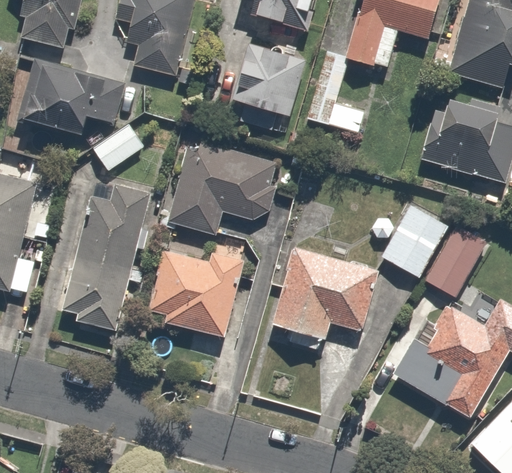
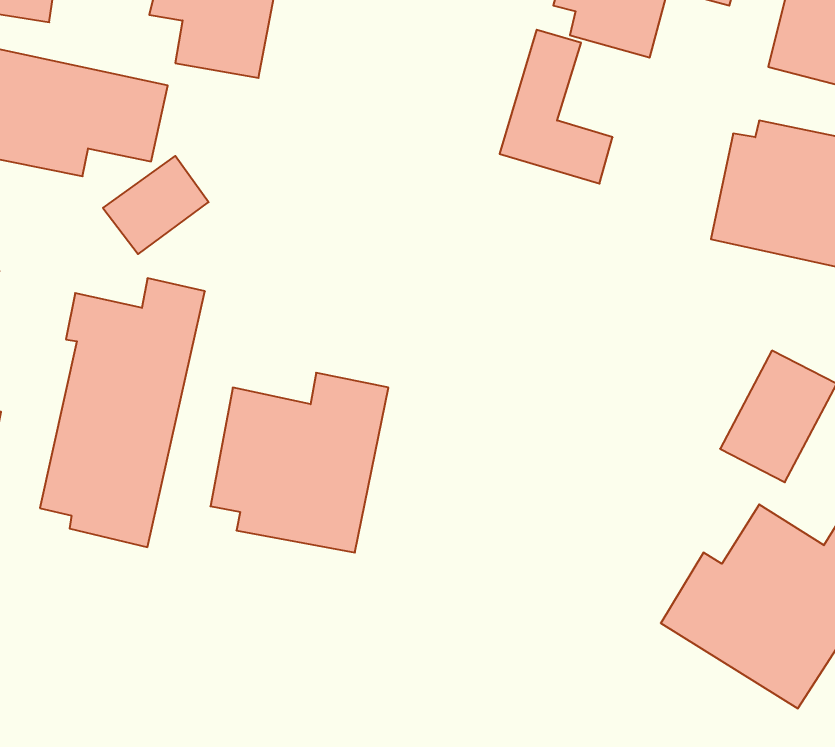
building: [232,46,302,119] -> none
building: [170,144,285,232] -> none
building: [385,204,453,278] -> none
building: [271,247,377,350] -> none

